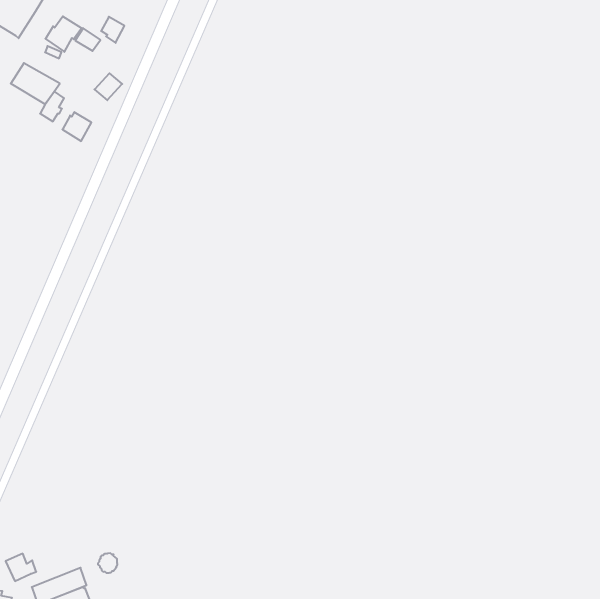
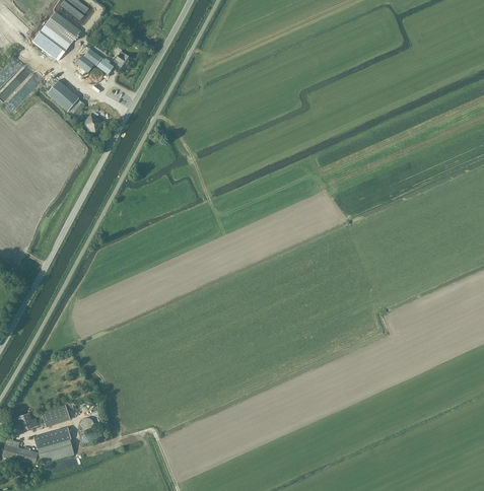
building: none -> [42,405,70,427]

